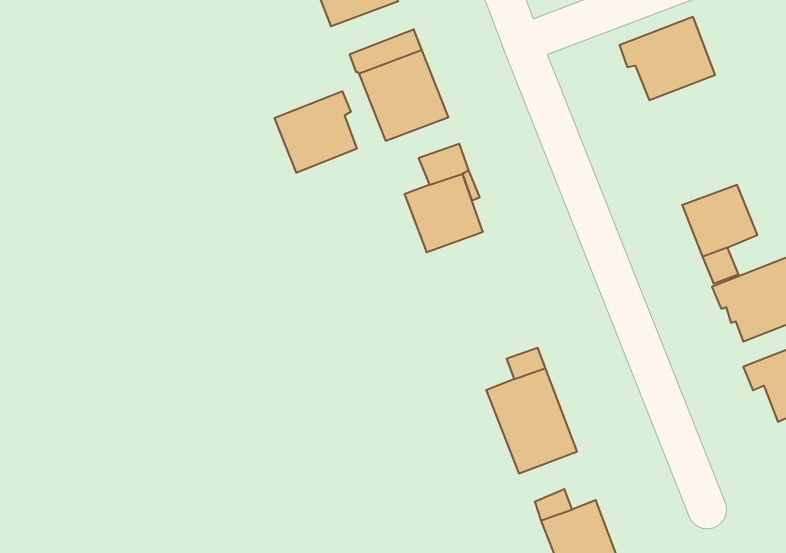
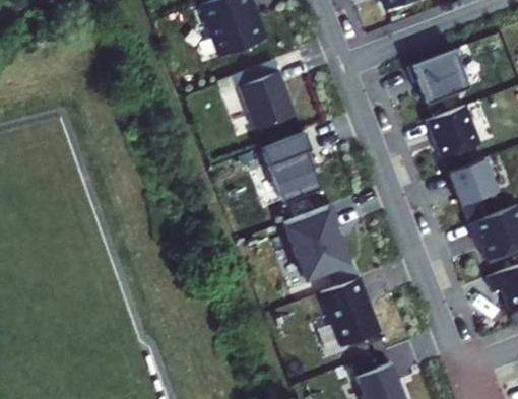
building: [275,91,357,173] -> none
building: none -> [427,106,480,158]
building: none -> [284,204,348,278]

